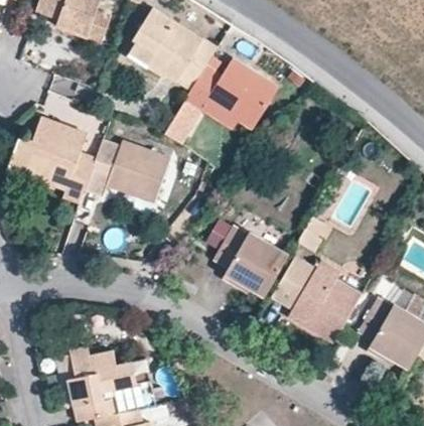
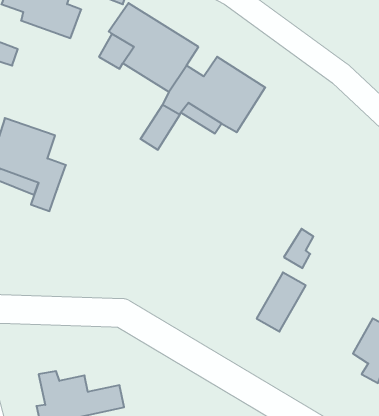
building: [88,139,170,199] -> none
building: [214,227,289,295] -> none
building: [290,262,361,341] -> none

